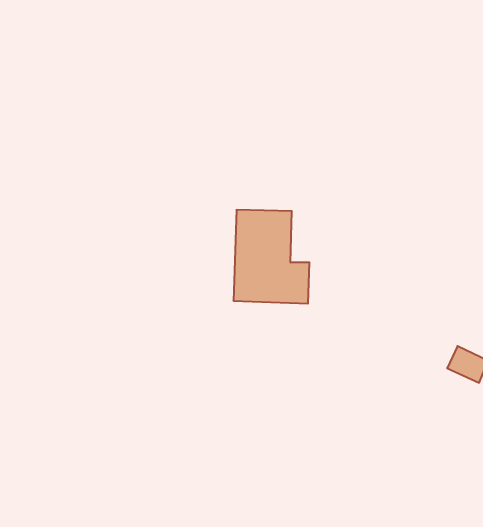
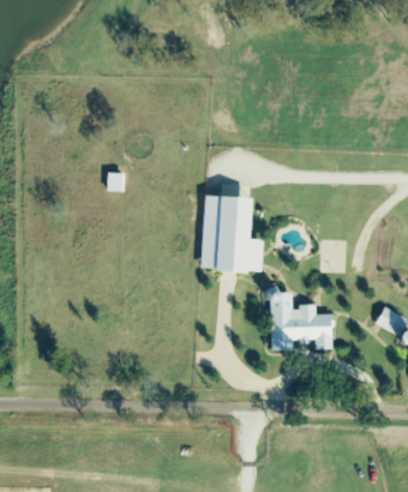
building: none -> [270,292,334,350]

